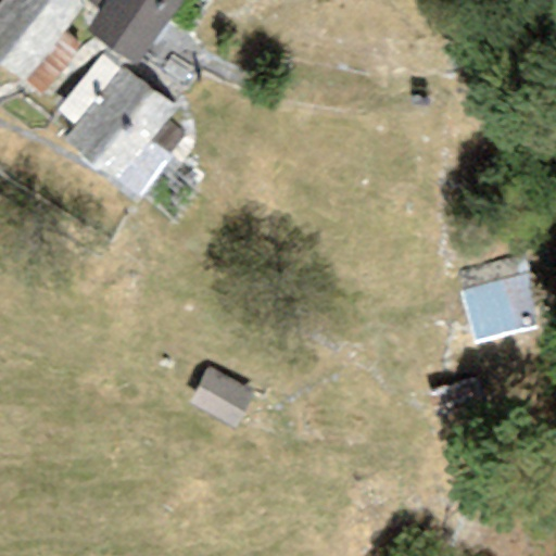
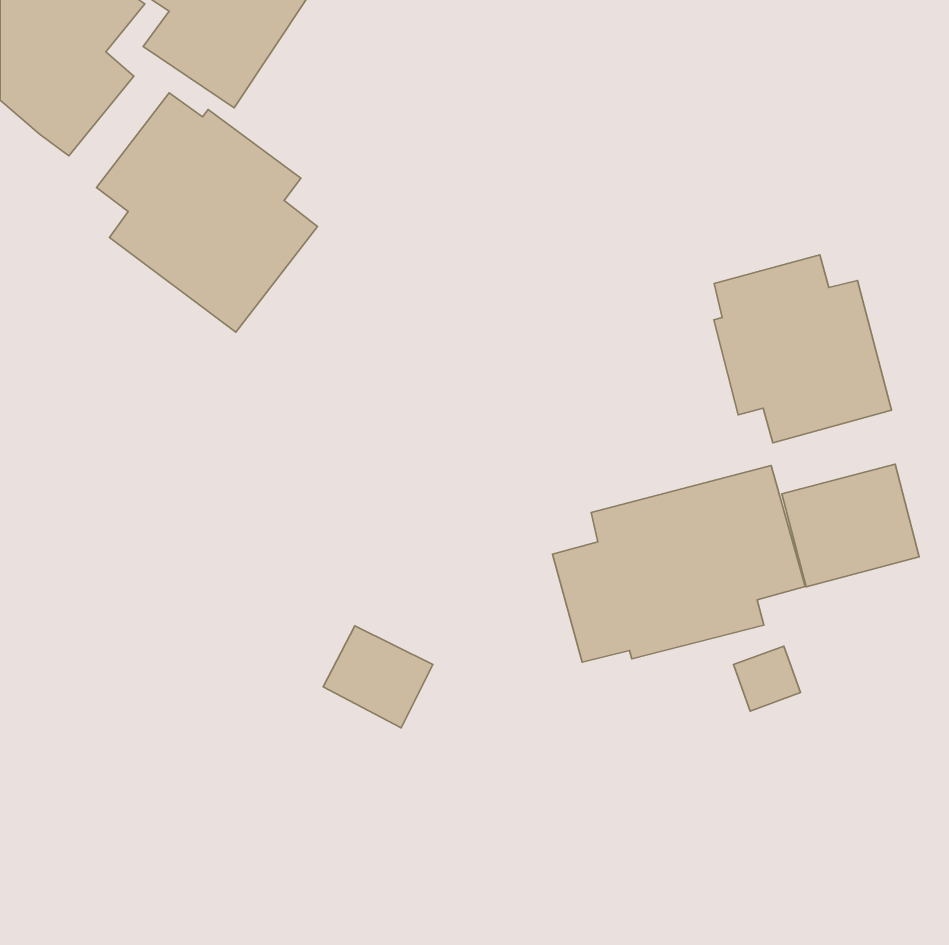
building: none -> [714,255,891,443]
building: none -> [552,465,805,662]

